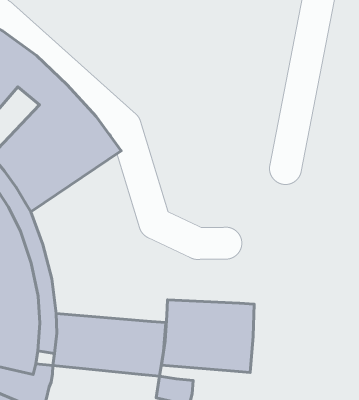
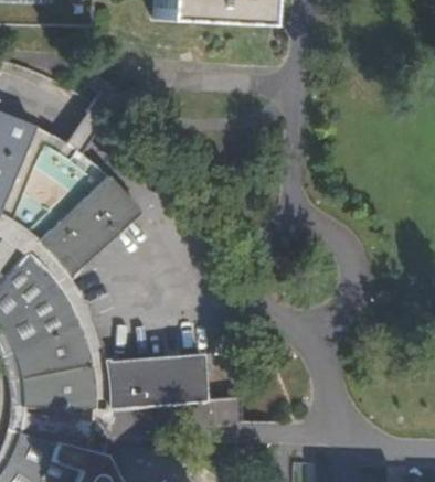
building: [161,300,254,372] -> none

